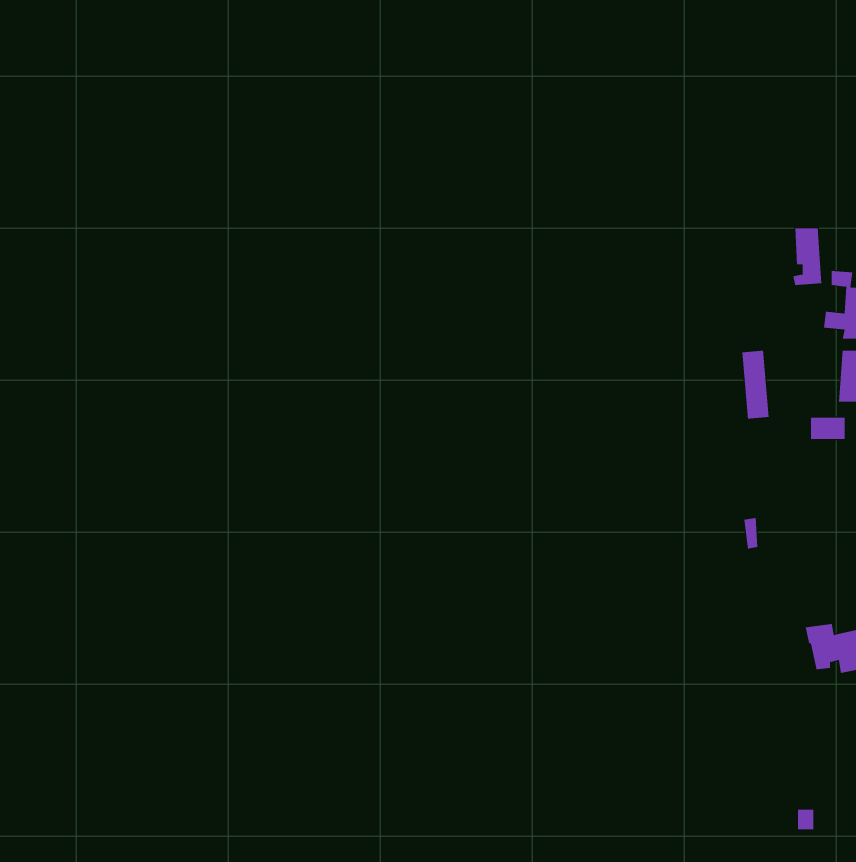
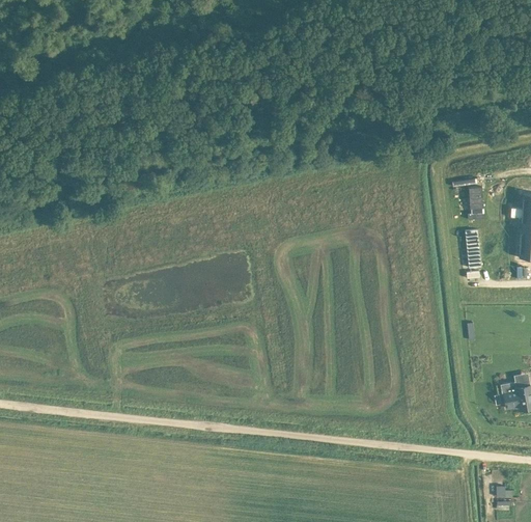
building: [793,228,822,285] -> [467,187,483,219]

